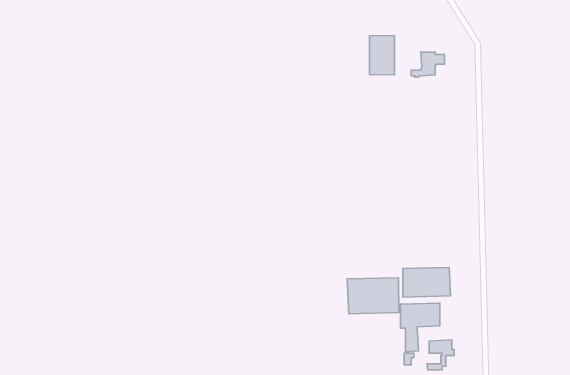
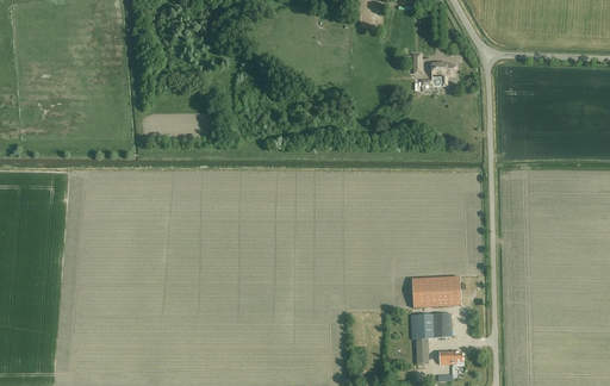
building: [369,35,394,75] -> none
building: [347,278,399,314] -> none

